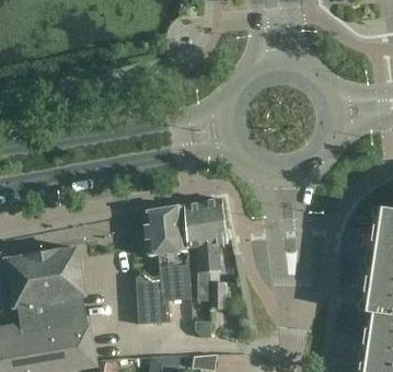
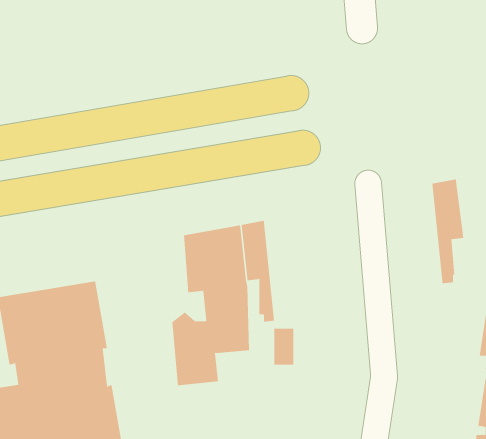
building: [203,198,227,276] -> [432,179,464,284]

